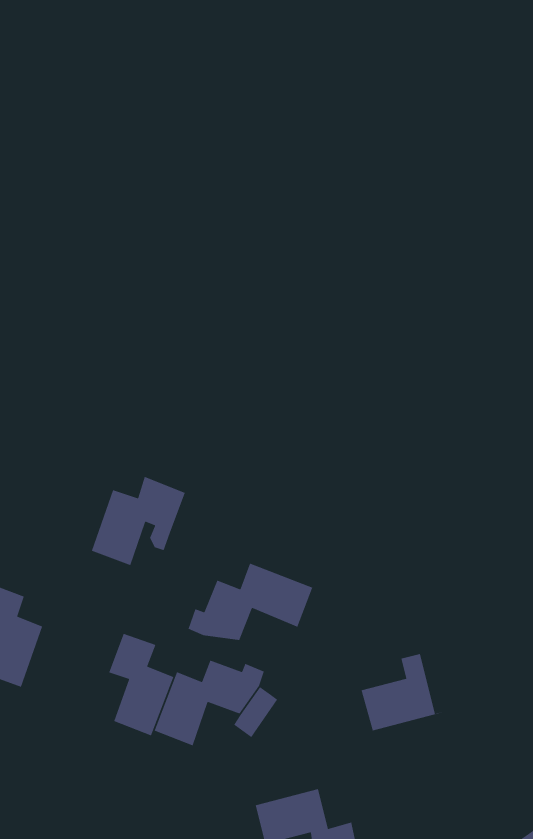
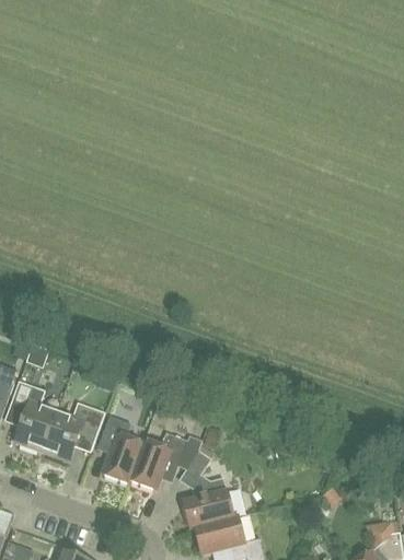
building: [91,476,186,566] -> [42,402,104,462]
building: [187,563,319,641] -> none
building: [361,653,442,731] -> [183,478,236,529]

